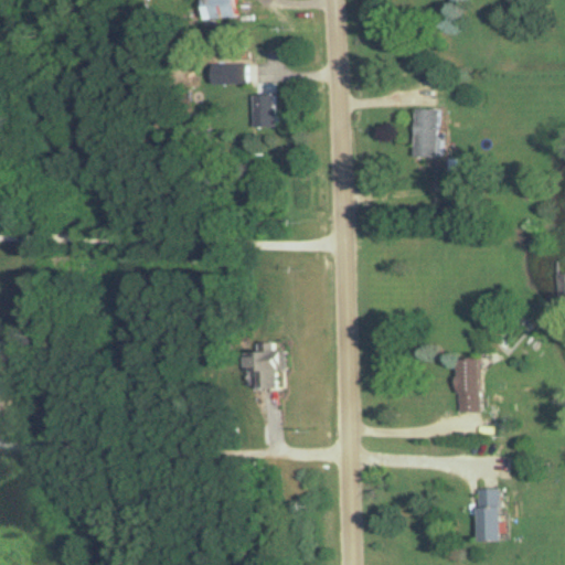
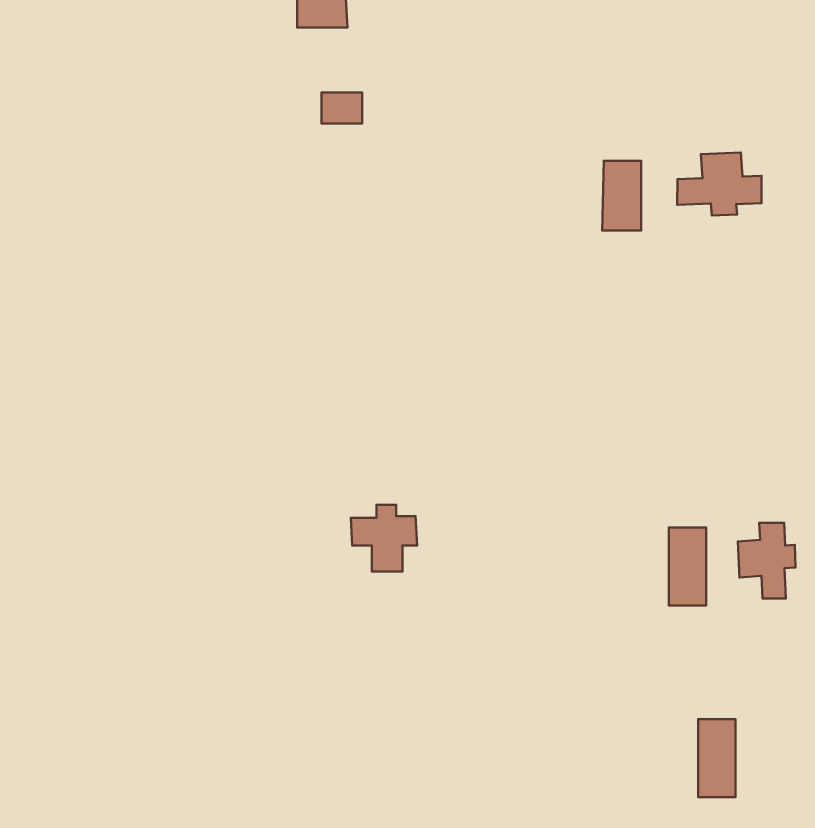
building: [249,95,273,128] -> none
building: none -> [677,153,761,216]
building: none -> [738,523,796,599]

